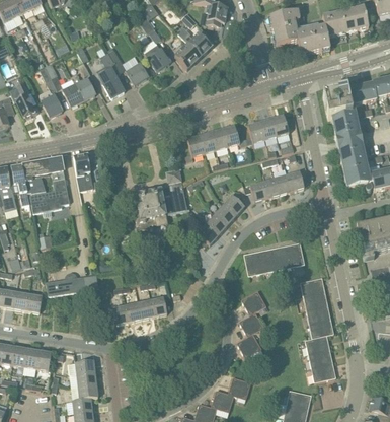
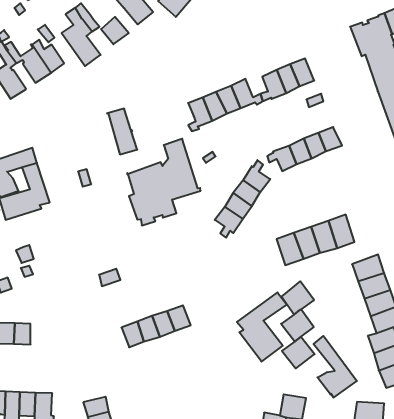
building: [73,153,93,189] -> [107,109,137,154]
building: [46,272,98,294] -> none
building: none -> [237,292,287,362]
building: none -> [314,336,357,398]

